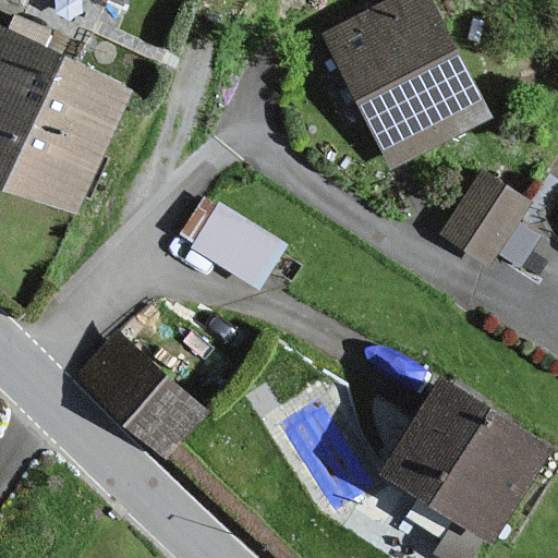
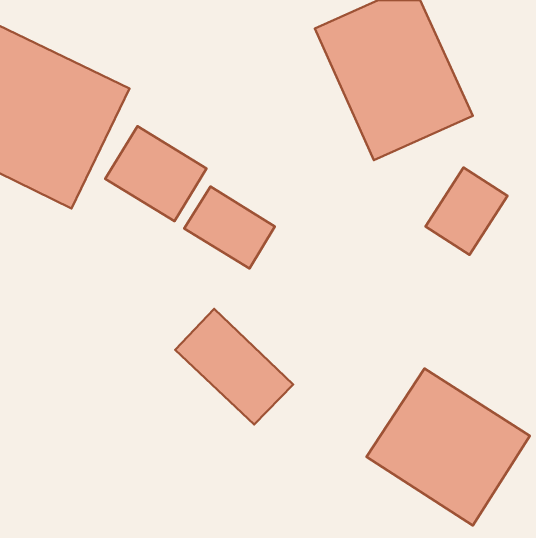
building: none -> [105,126,207,221]
building: [74,333,196,453] -> [175,309,293,425]

